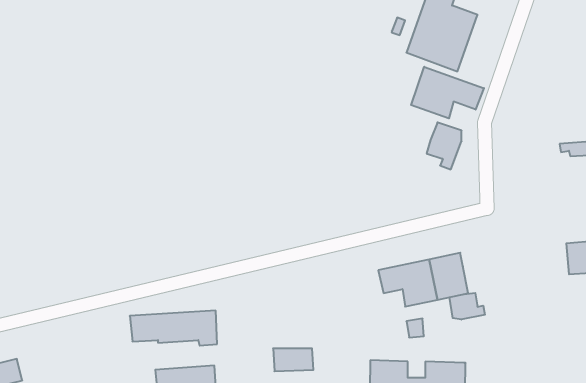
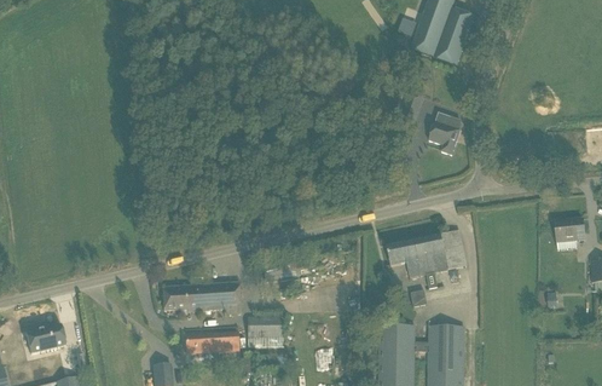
building: [411,67,484,118] -> none
building: [449,293,485,320] -> none
building: [273,348,313,371] -> [247,316,283,336]

